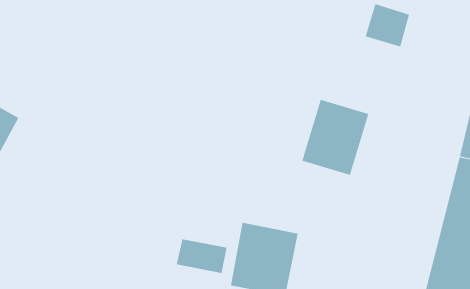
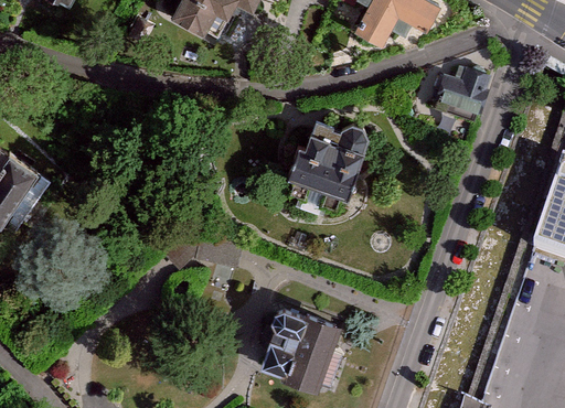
building: [302,99,369,176] -> [289,108,370,197]
building: [176,239,227,274] -> none

